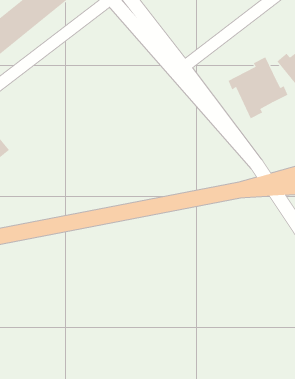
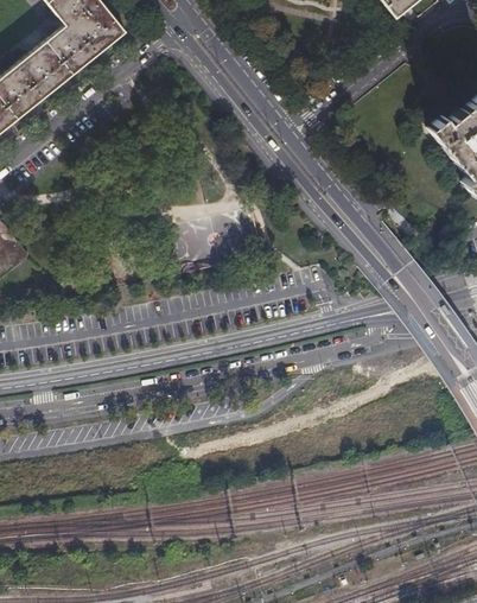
building: [228,56,288,119] -> none

